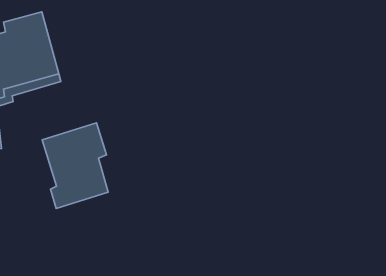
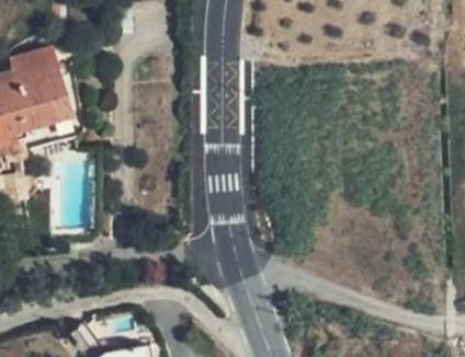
building: [42,123,108,209] -> none

